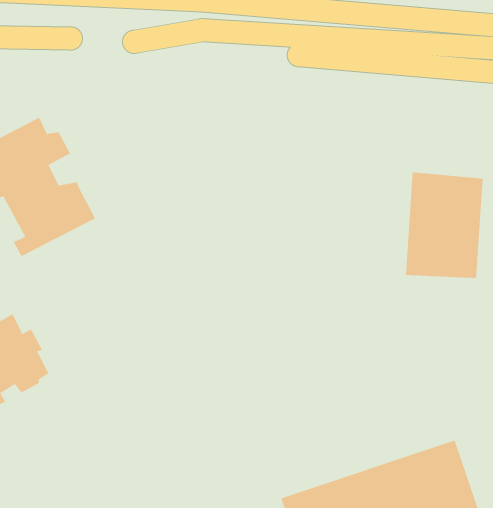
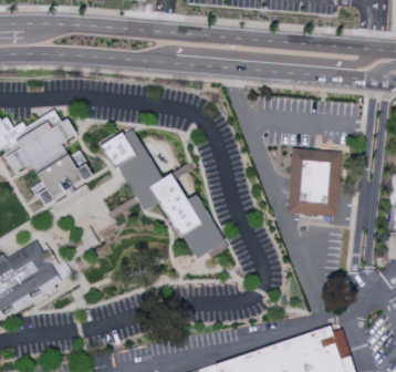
building: none -> [104,127,225,260]

